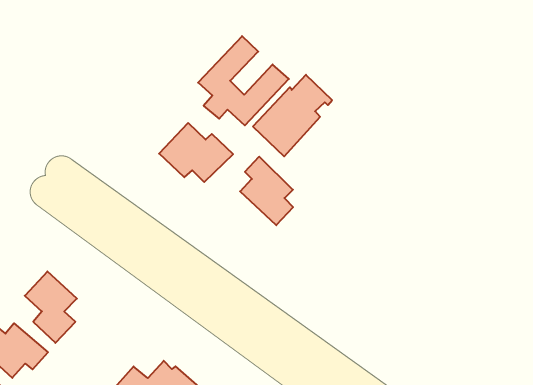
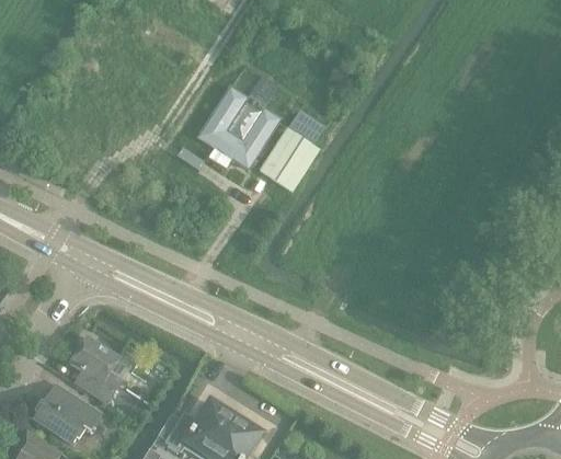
building: [159,123,233,182] -> none
building: [240,157,293,225] -> none

